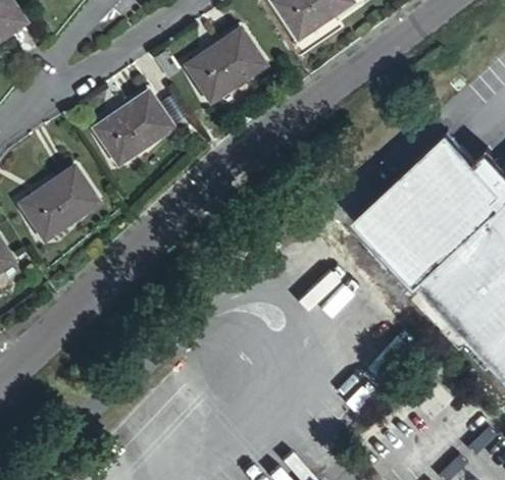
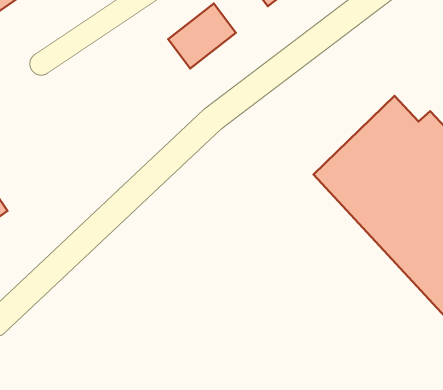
building: [105,100,180,170] -> none
building: [20,168,95,238] -> none

